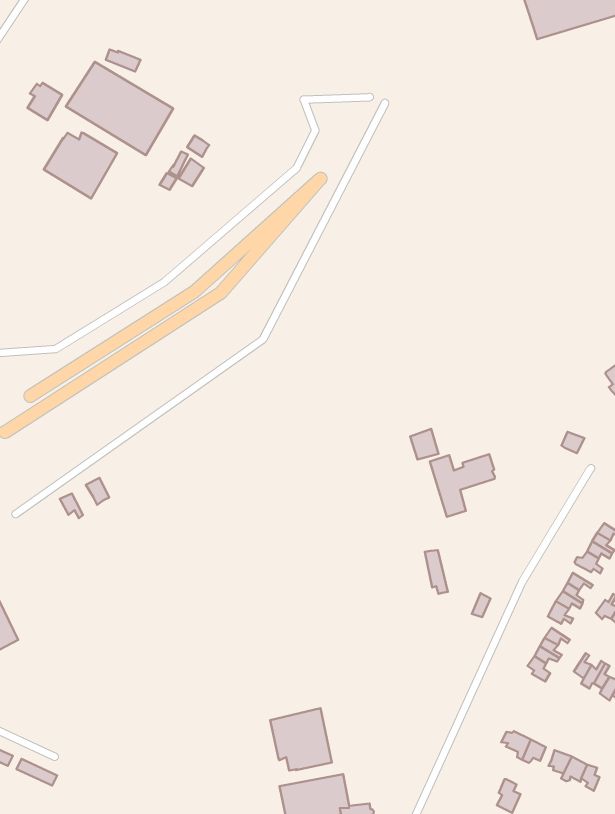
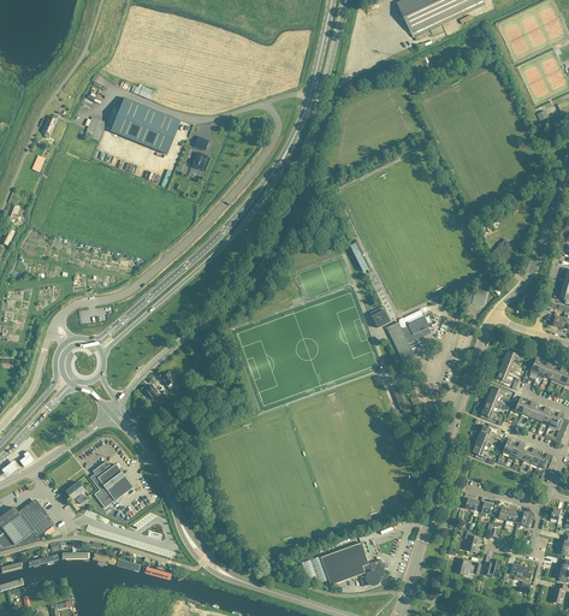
building: [44,132,117,199] -> none
building: [270,708,332,770] -> none

